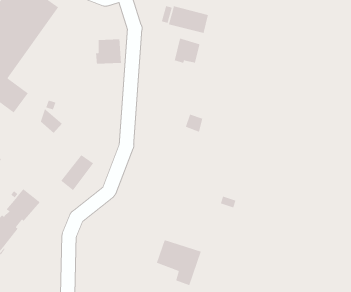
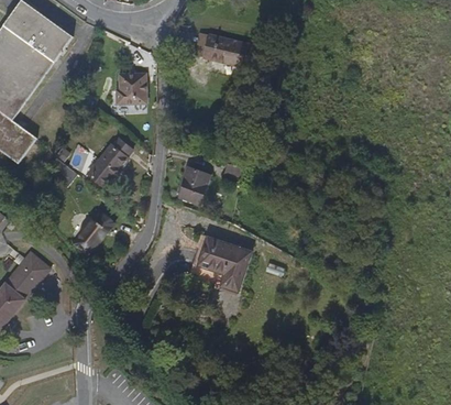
building: [174,38,201,64] -> none
building: none -> [86,138,132,186]
building: none -> [177,166,209,204]
building: [156,239,202,286] -> [196,236,251,292]

